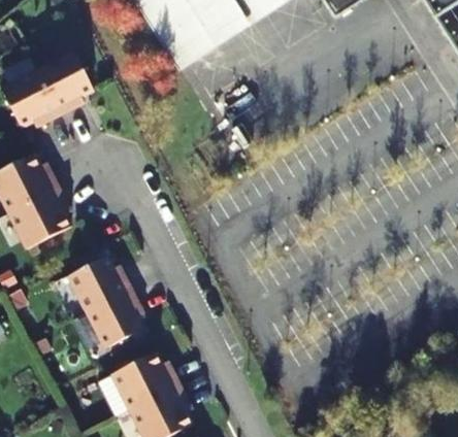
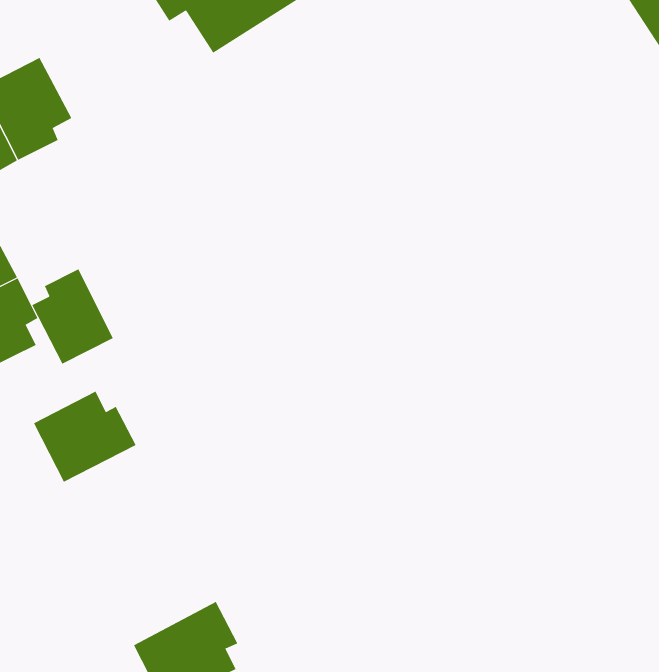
building: none -> [32,269,114,364]
building: [86,290,142,349] -> none
building: [109,351,178,411] -> none

